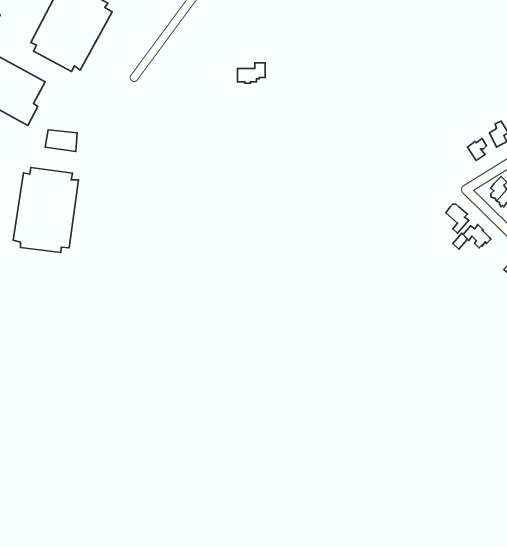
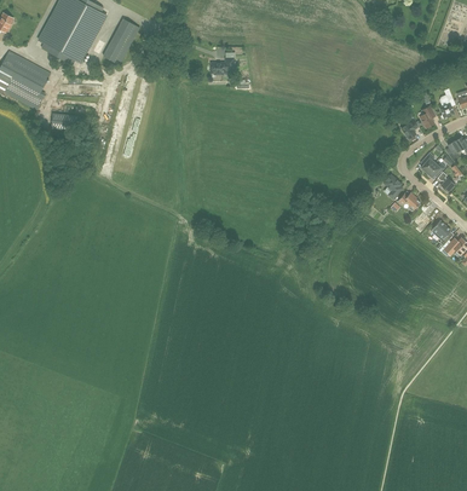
building: none -> [103,18,140,64]
building: [13,167,78,253] -> none

